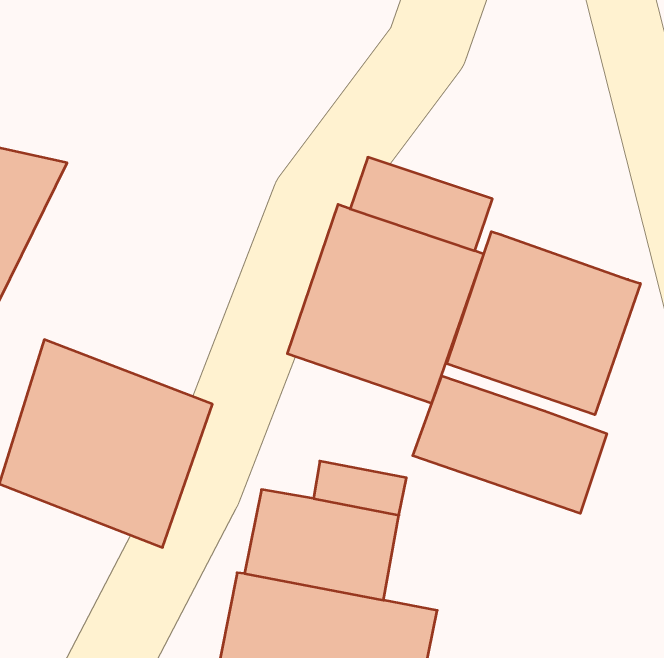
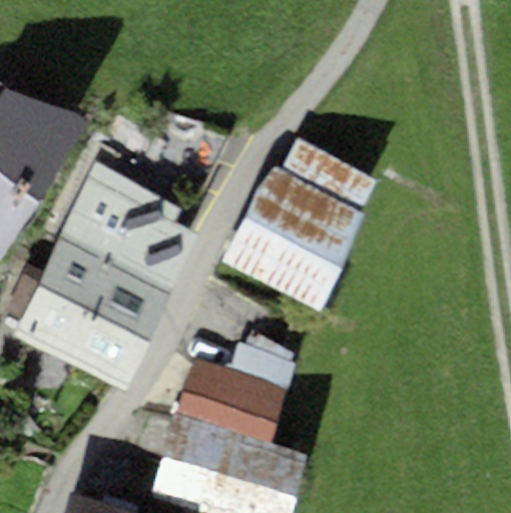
building: none -> [59,162,200,295]
building: [447,232,640,415] -> none
building: [413,376,607,513] -> none

